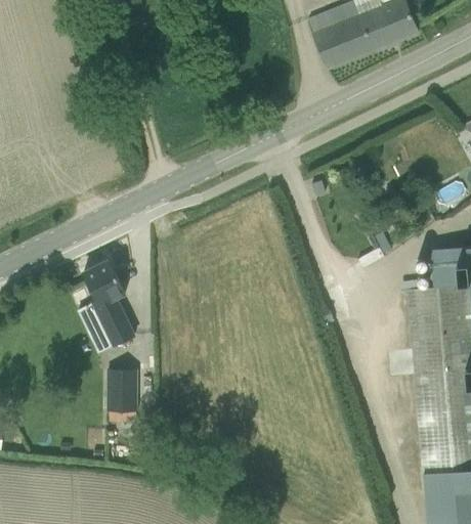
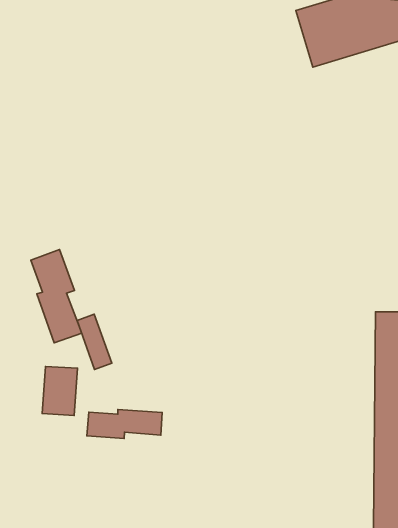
building: [76,303,112,354] -> [77,314,112,369]
building: none -> [87,409,162,439]

